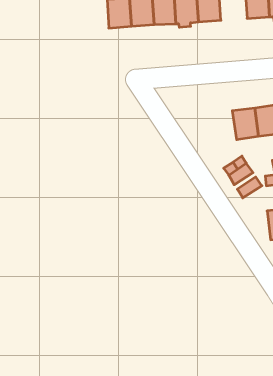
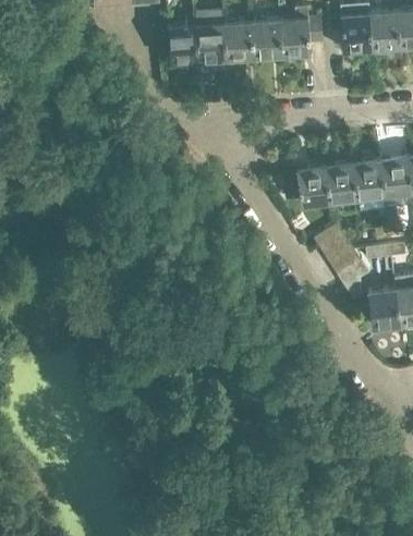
building: none -> [299,167,332,206]
building: none -> [340,260,372,300]

